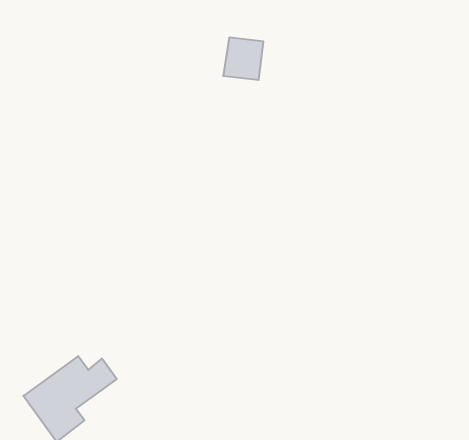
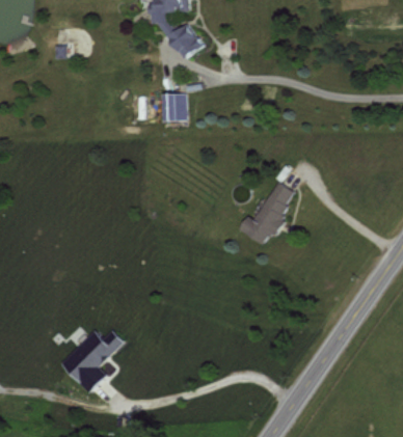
building: none -> [238,182,297,245]

